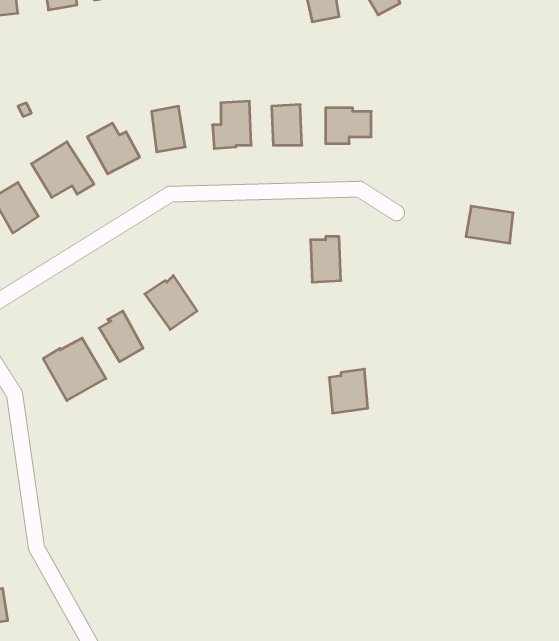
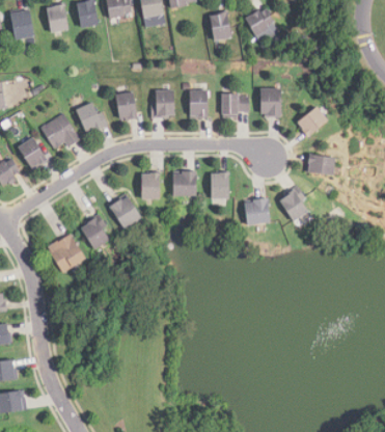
building: none -> [263,87,282,117]
building: none -> [298,106,329,137]
building: none -> [174,170,197,195]
building: none -> [142,171,161,198]
building: none -> [281,189,309,220]
building: [329,369,368,413] -> [247,197,271,224]

